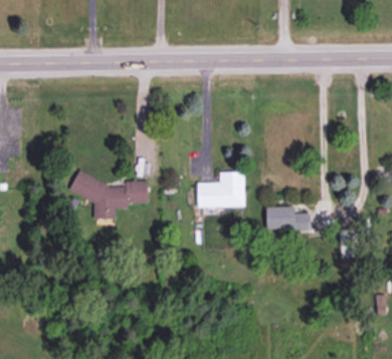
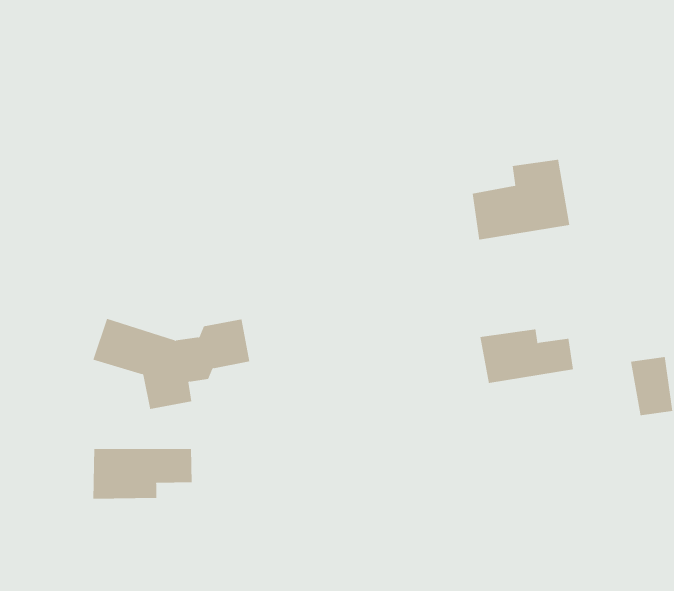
building: [198,172,245,207] -> [472,159,570,240]
building: none -> [93,448,192,500]

